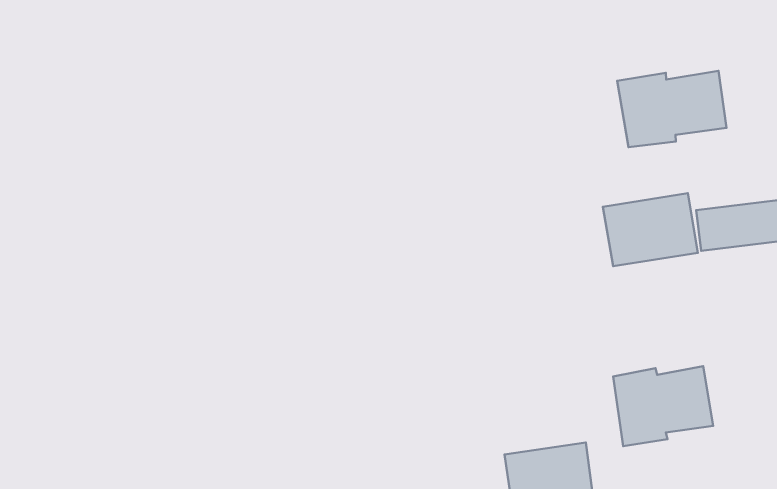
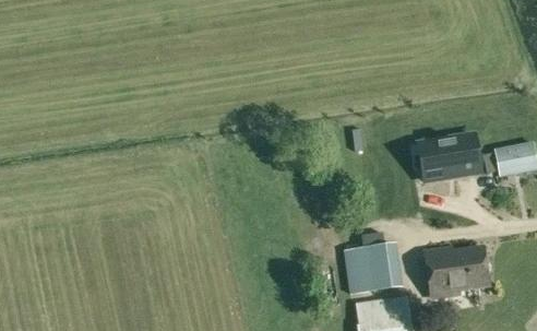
building: [617,71,727,147] -> none
building: none -> [343,245,401,294]

